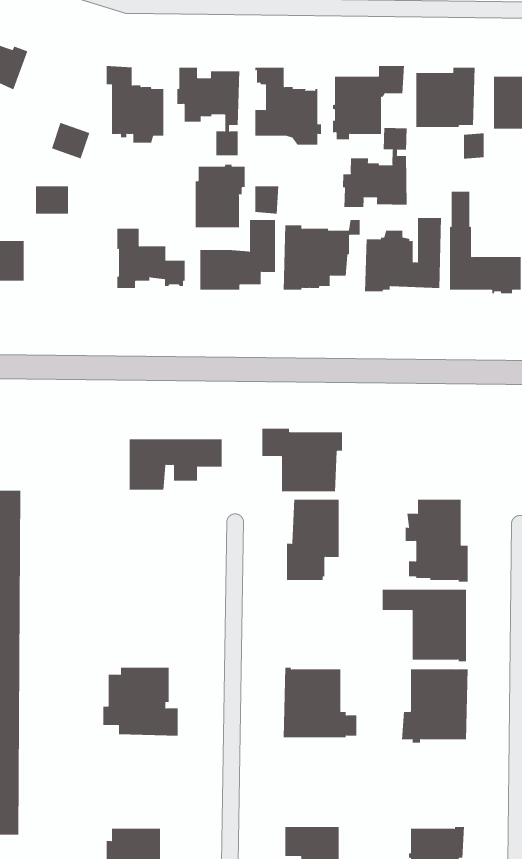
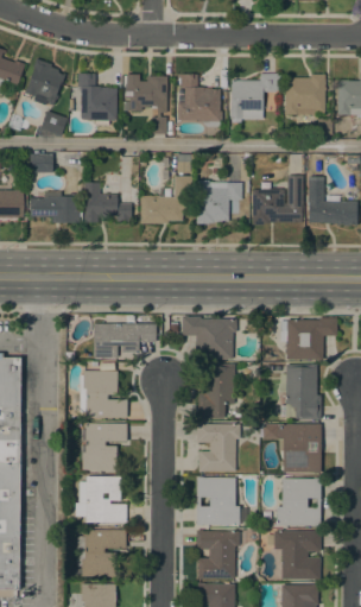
building: none -> [24,58,65,105]
building: [343,127,407,208] -> none
building: [195,164,245,228] -> none
building: none -> [30,191,80,222]
building: none -> [280,317,336,359]
building: none -> [80,371,127,417]
building: none -> [196,422,240,472]
building: none -> [80,423,126,469]
building: none -> [81,530,126,576]
building: none -> [196,530,243,578]
building: none -> [267,530,321,580]

